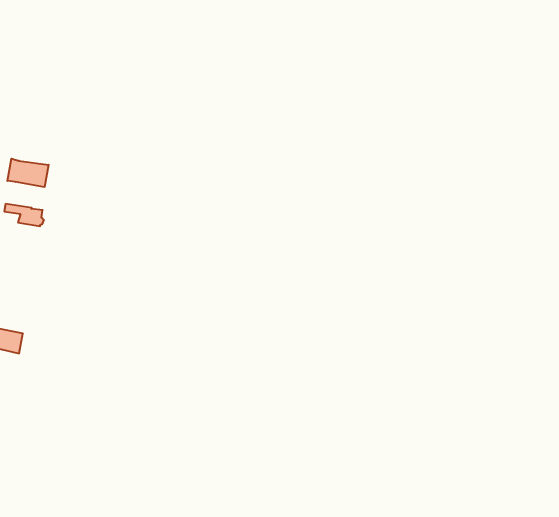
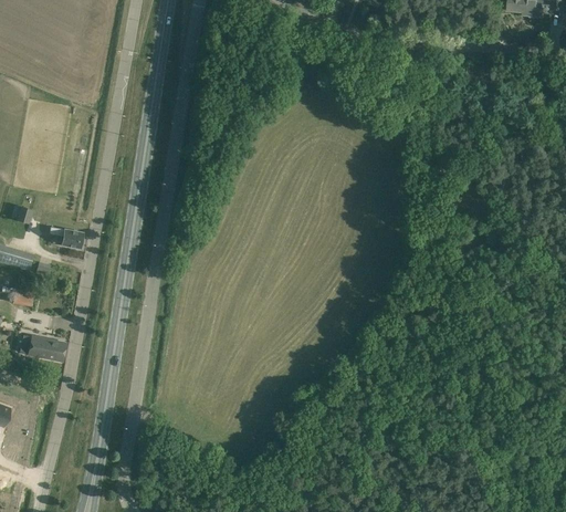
building: [7,159,49,187] -> none

